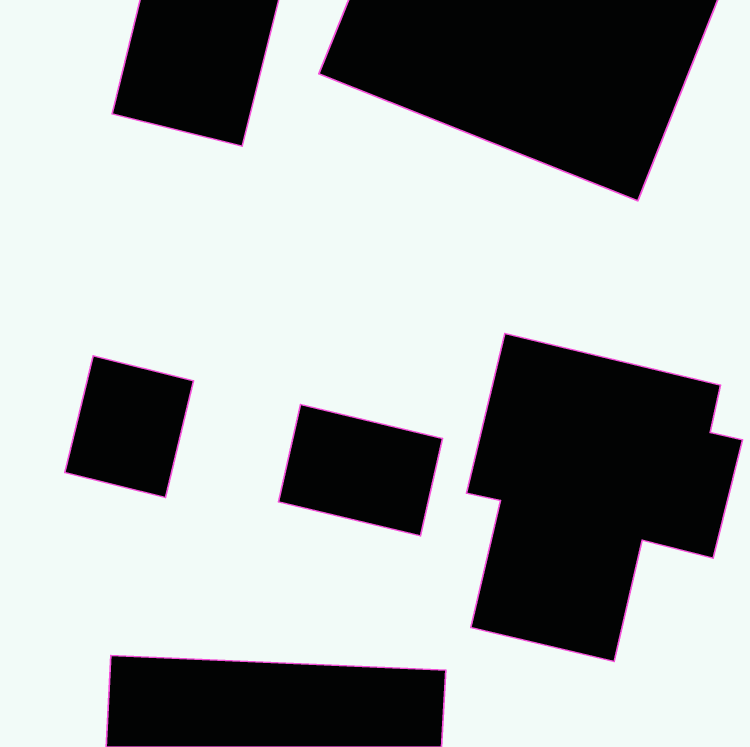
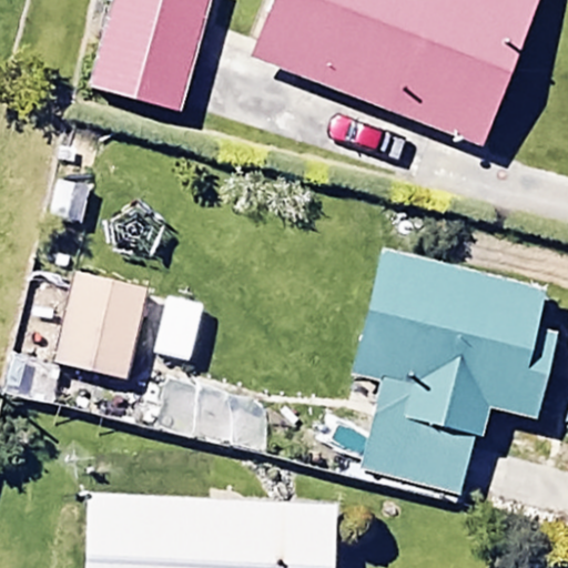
building: [278,405,443,536] -> none

